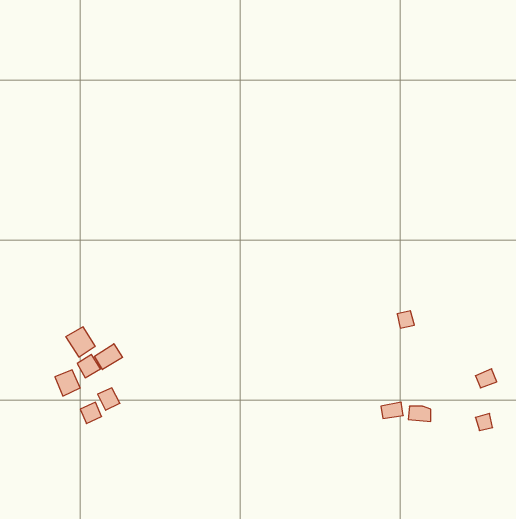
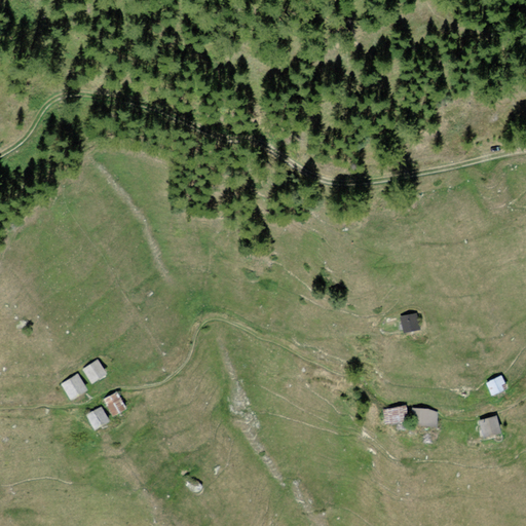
building: [66,327,95,357] -> none
building: [94,344,123,370] -> none

